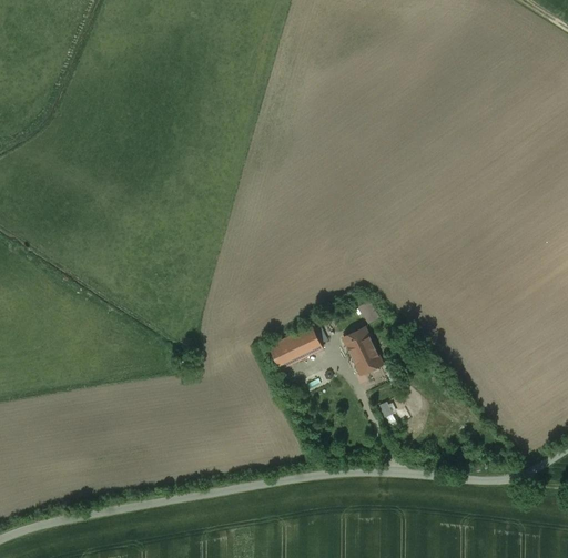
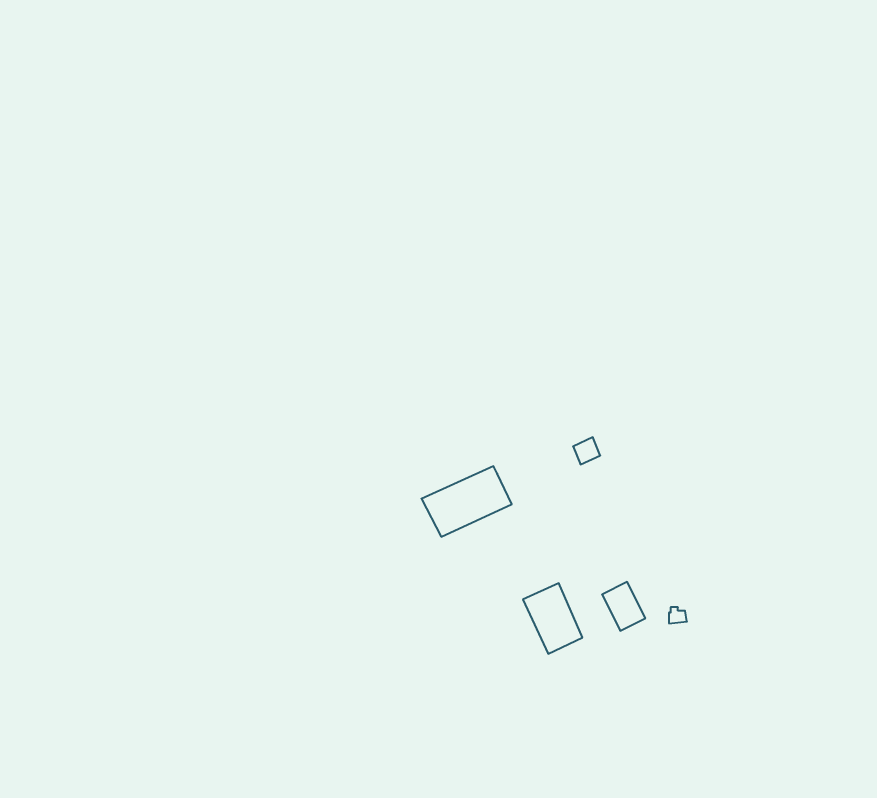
building: [343,328,379,372] -> [523,583,582,654]

